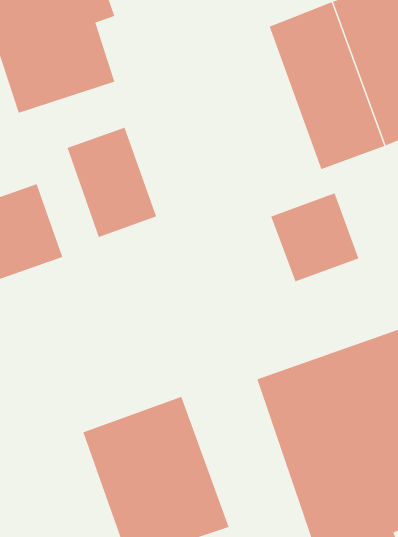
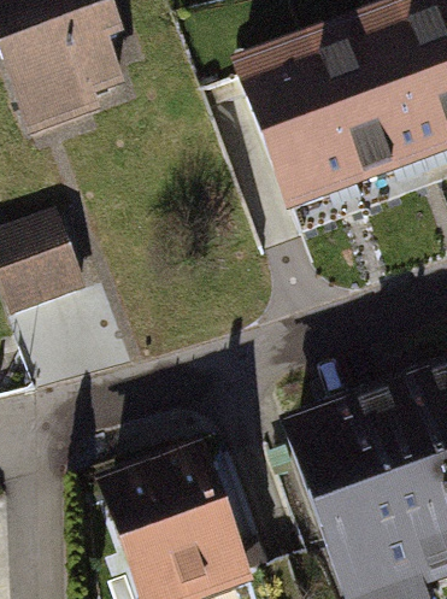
building: none -> [234,42,358,221]
building: [67,127,157,238] -> none
building: [271,193,359,282] -> none

